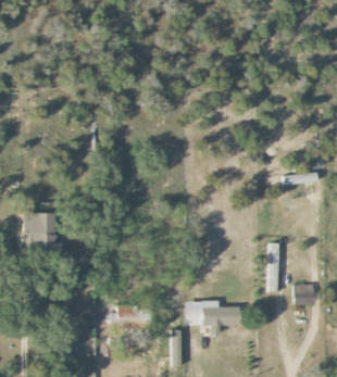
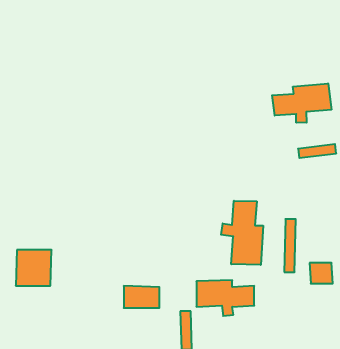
building: none -> [272,83,331,123]
building: [23,213,57,247] -> [16,250,52,286]
building: none -> [221,201,263,265]

